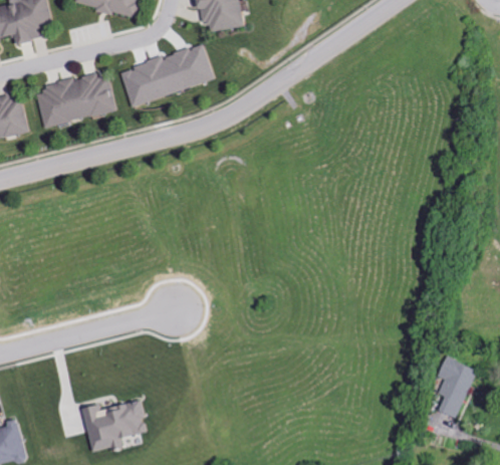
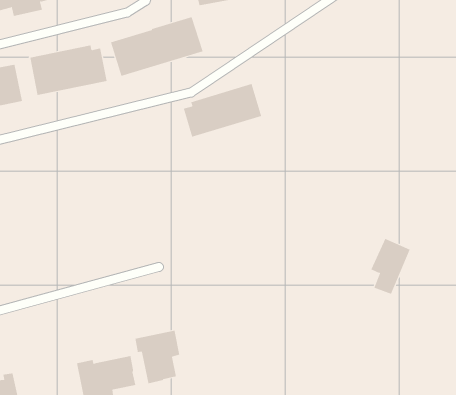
building: none -> [183,83,262,137]
building: [434,359,476,418] -> [371,238,411,294]
building: none -> [135,330,180,384]

